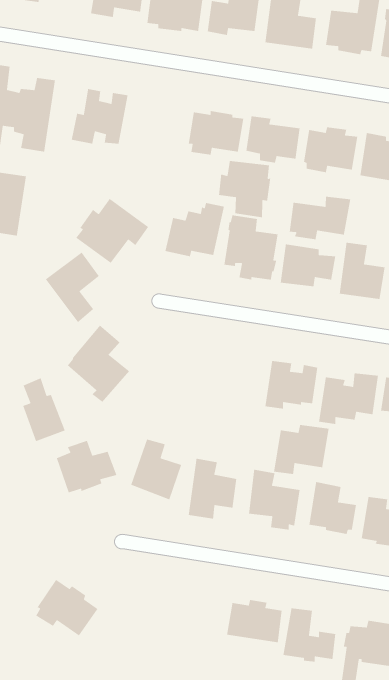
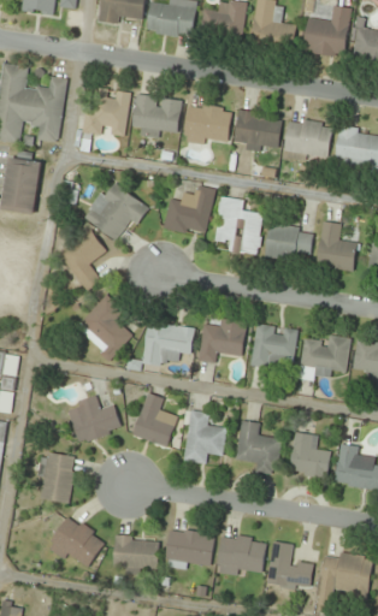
building: none -> [131,94,182,137]
building: [218,160,271,218] -> none
building: [289,196,351,240] -> none
building: none -> [141,322,194,366]
building: [22,377,66,442] -> none
building: [273,424,330,475] -> [197,318,247,362]
building: none -> [40,450,75,502]
building: none -> [164,528,215,569]
building: none -> [113,533,159,571]

